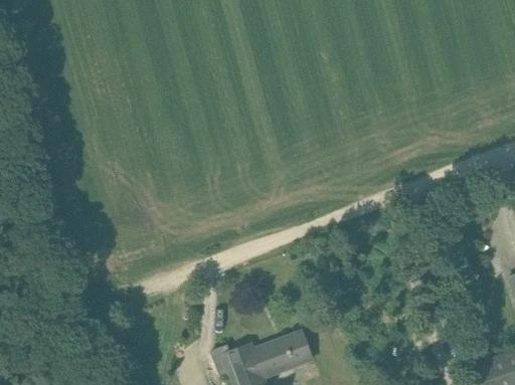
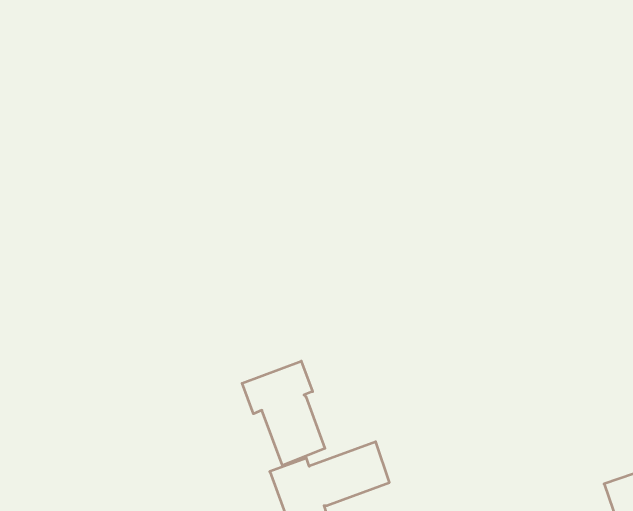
building: none -> [242,361,325,465]

